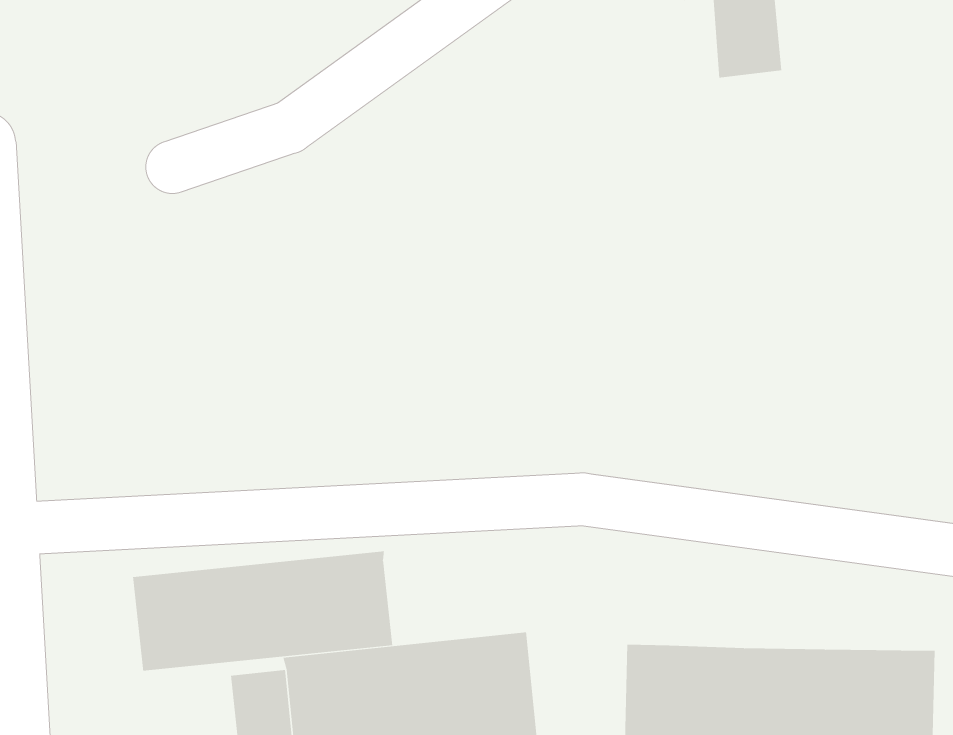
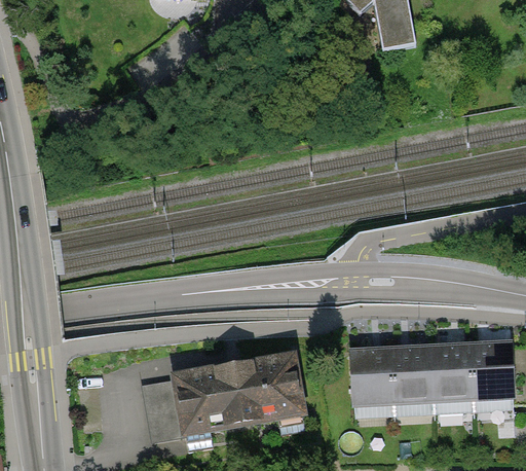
building: [133,550,393,671] -> none

